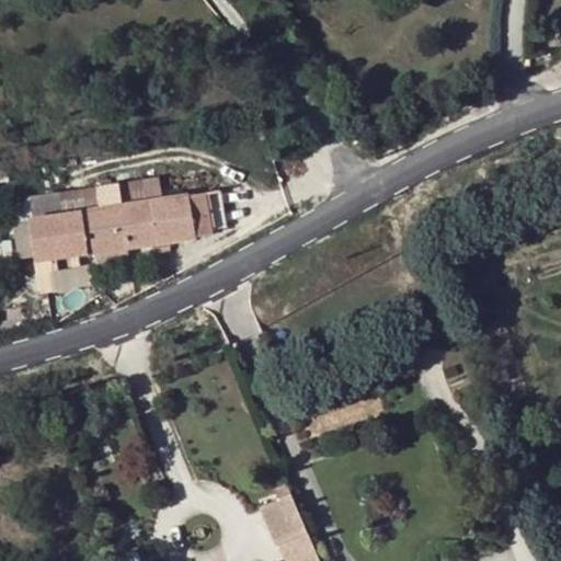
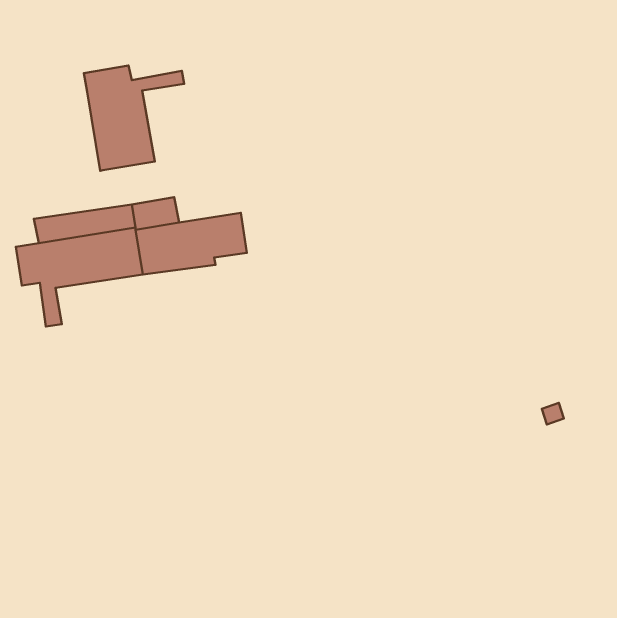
building: none -> [84,65,184,171]
building: [260,495,308,547] -> none

